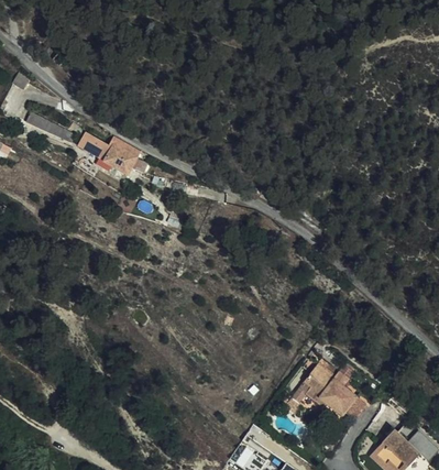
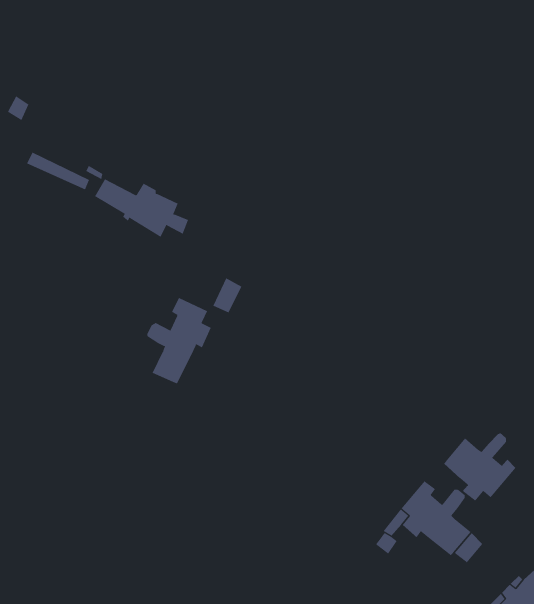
building: none -> [147,297,211,384]
building: none -> [443,433,516,502]

